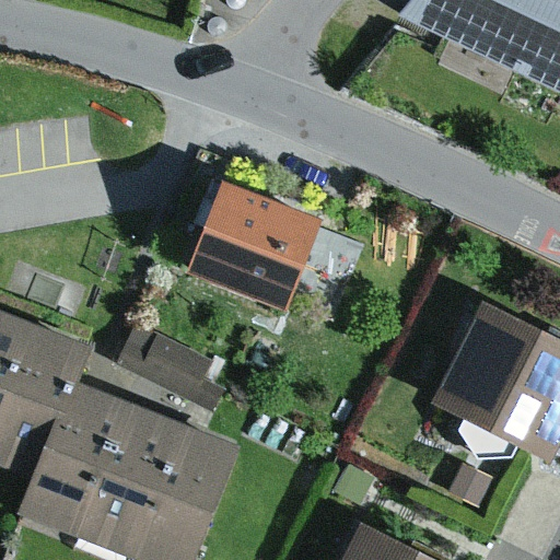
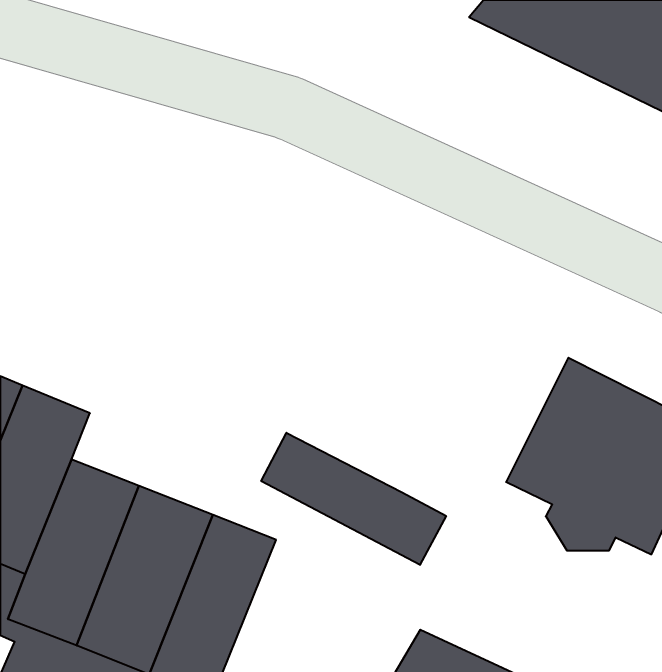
building: [185,177,324,308] -> none
building: [118,320,228,411] -> none
building: none -> [261,433,446,565]

